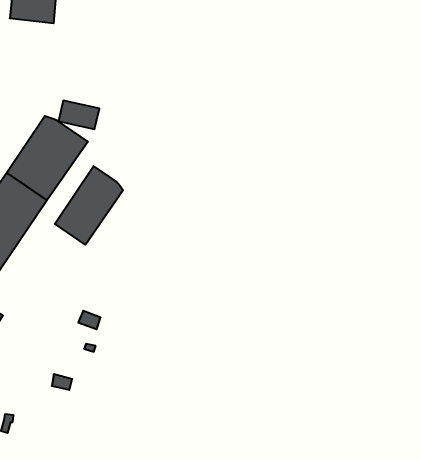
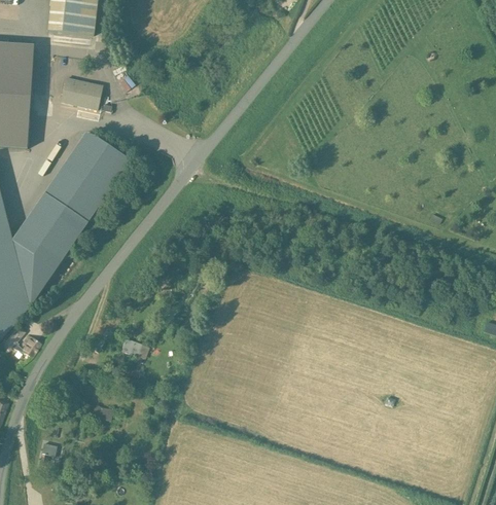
building: [58,101,99,129] -> [61,79,104,109]
building: [55,166,123,245] -> none

